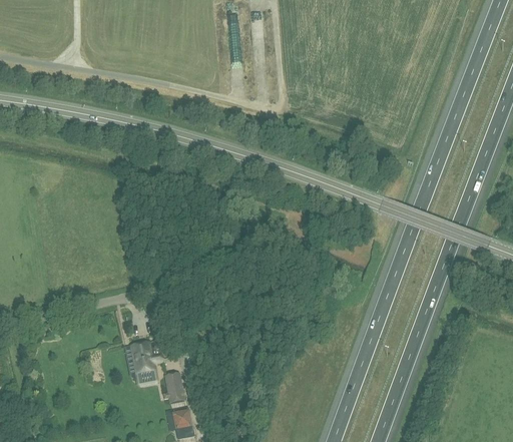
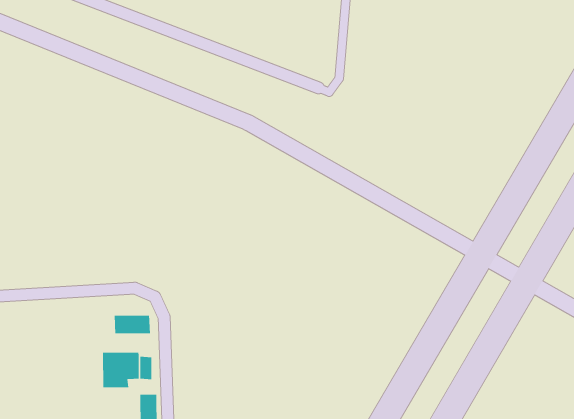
building: none -> [114,315,150,334]

